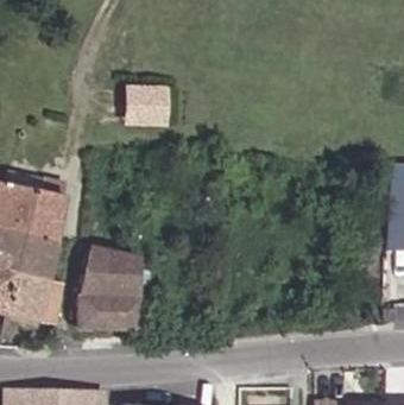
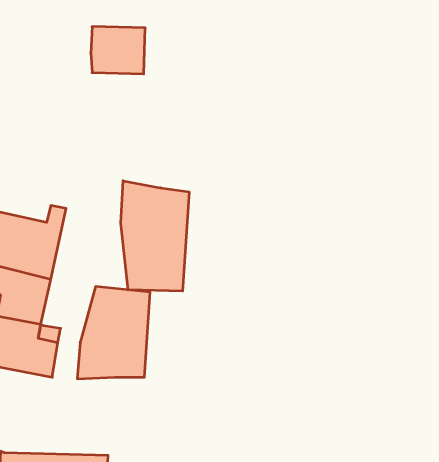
building: [126,84,172,125] -> [91,27,145,74]
building: none -> [121,181,189,291]

